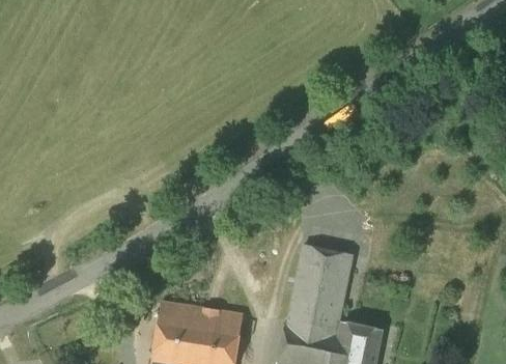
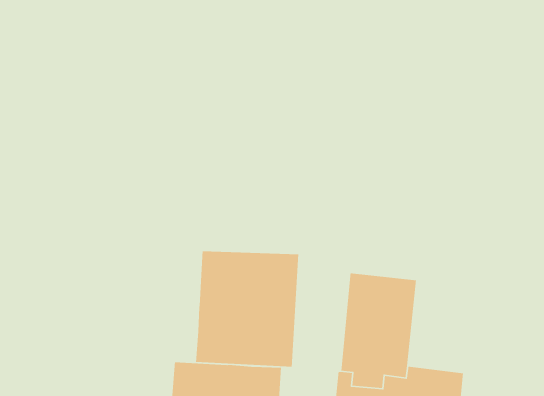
building: none -> [195,250,299,367]

